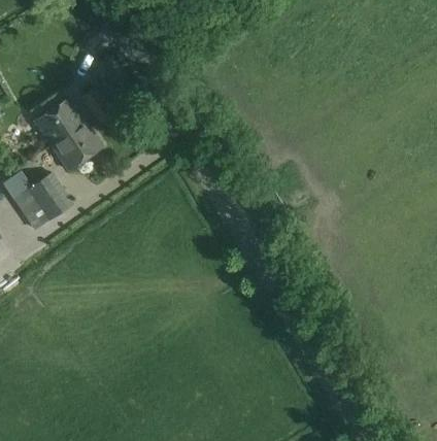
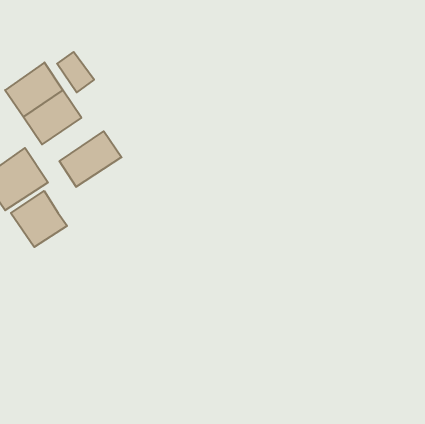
building: none -> [59,131,122,187]
building: none -> [11,191,67,247]

